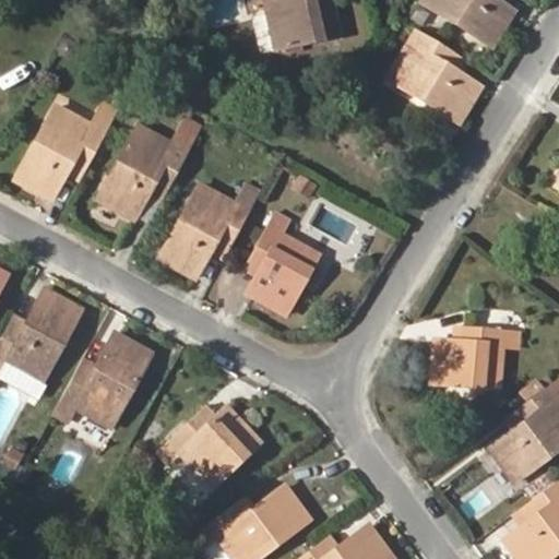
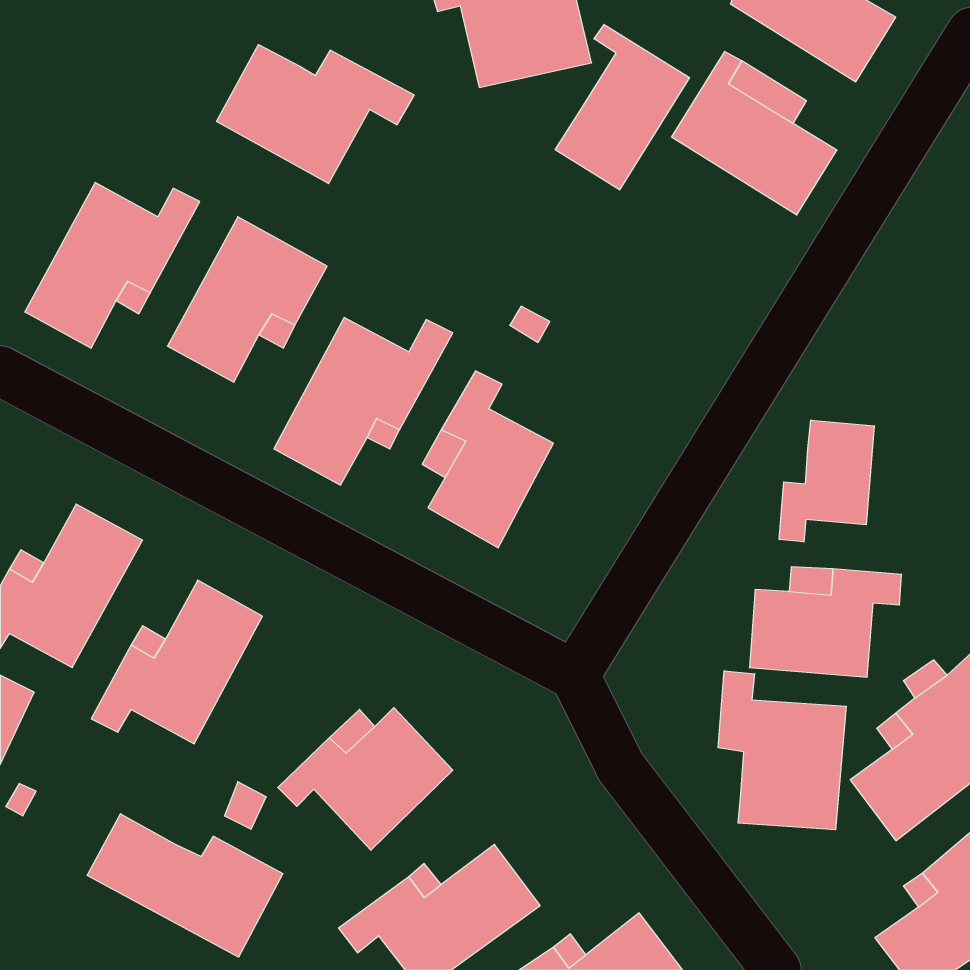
building: none -> [555,24,689,190]
building: none -> [217,45,414,184]
building: none -> [779,420,874,542]
building: none -> [718,671,846,830]
building: none -> [87,814,283,957]

